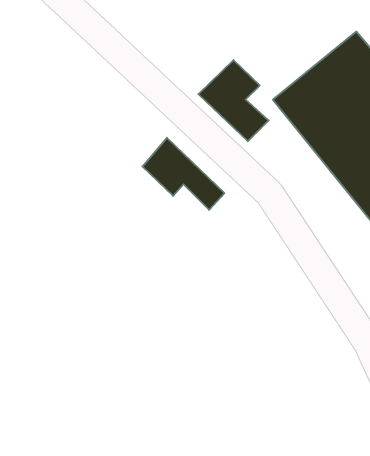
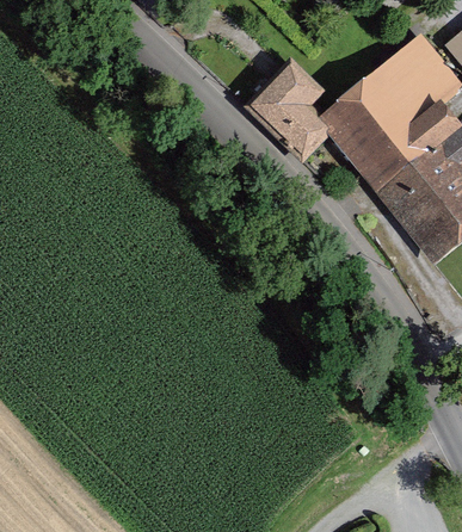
building: [142,138,224,210] -> none

